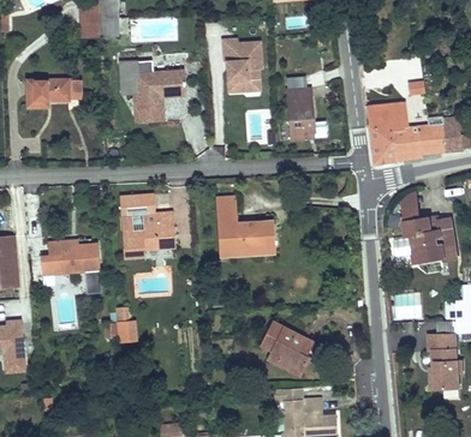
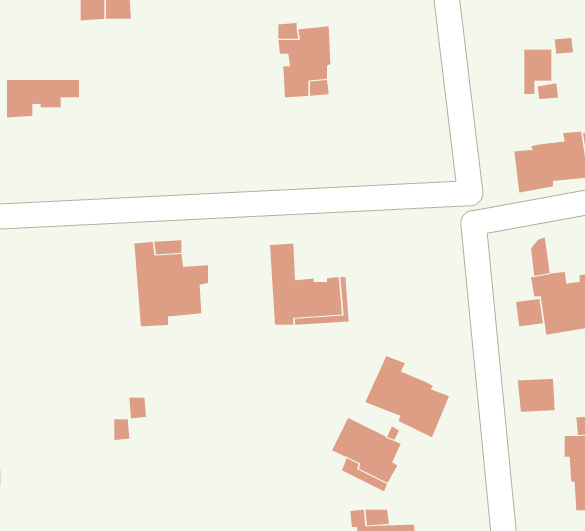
building: [120,60,185,120] -> none
building: [286,88,314,139] -> none
building: [365,102,409,164] -> none
building: [40,240,101,294] -> none
building: none -> [365,355,450,438]

